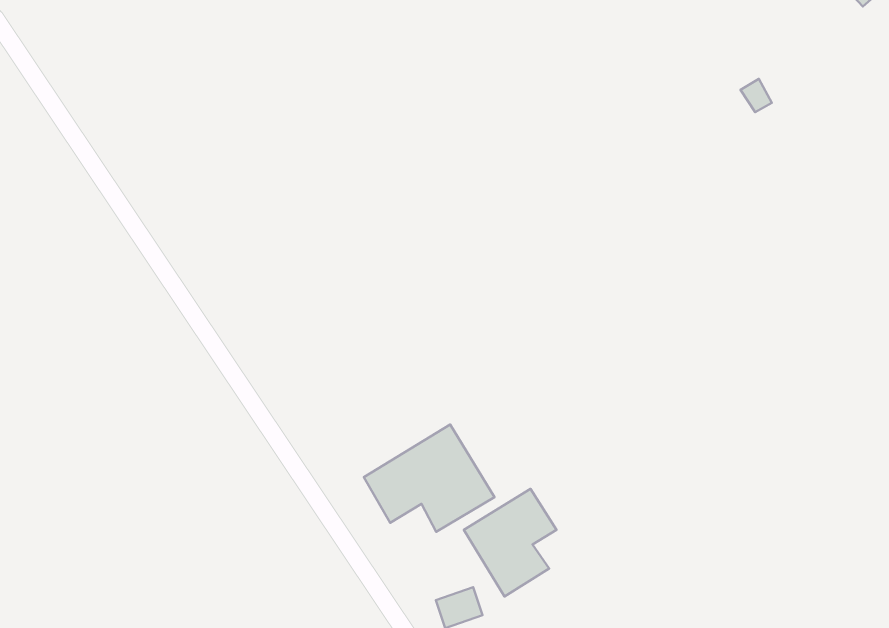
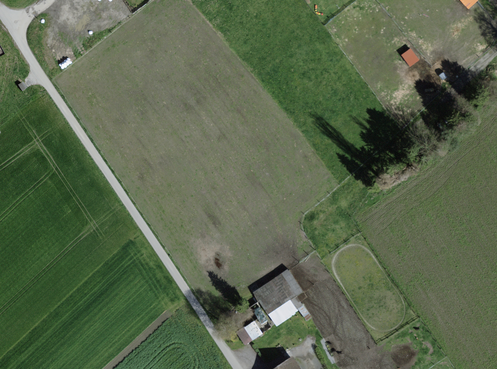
building: [364,425,494,532] -> none

